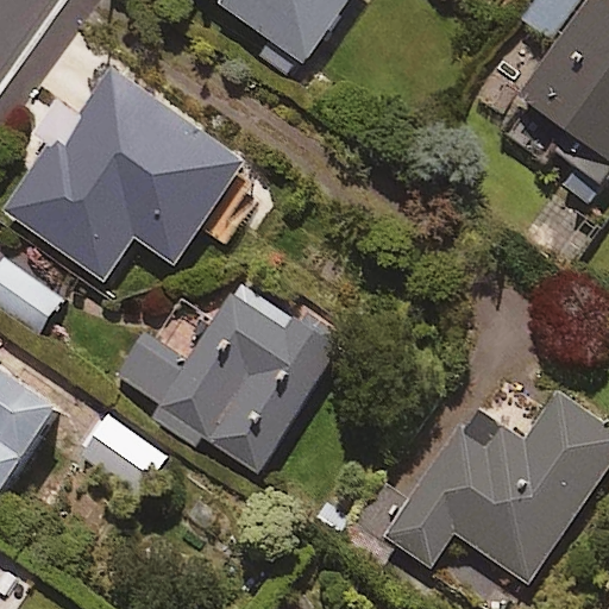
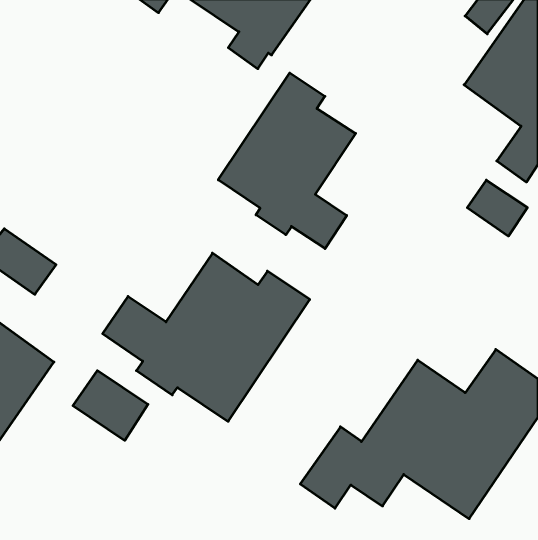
building: [7,65,245,281] -> none
building: none -> [218,73,356,249]

